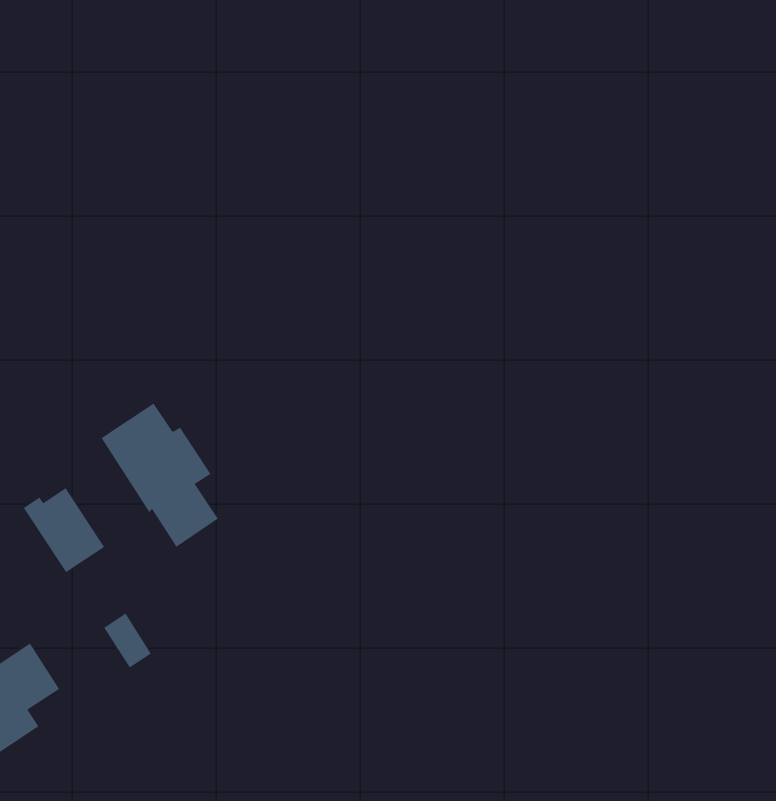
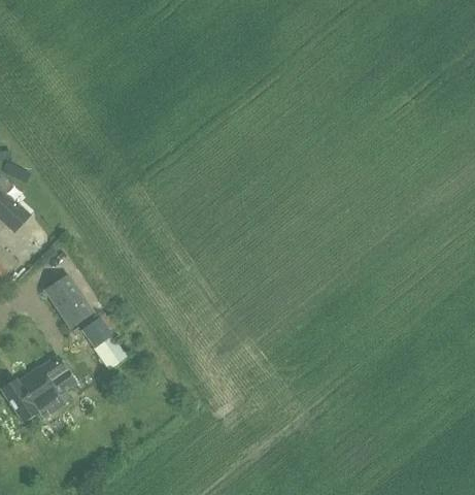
building: [101,402,219,548] -> none
building: none -> [80,318,112,350]

